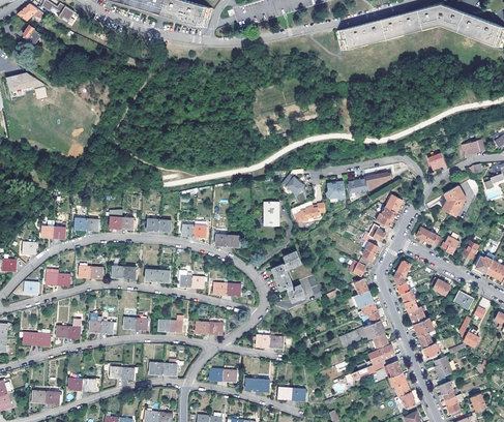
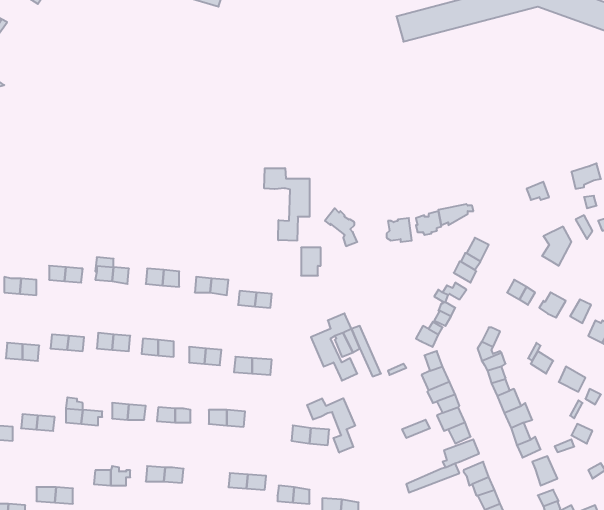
building: none -> [264,168,310,241]
building: [291,202,325,222] -> none
building: none -> [307,398,355,453]

